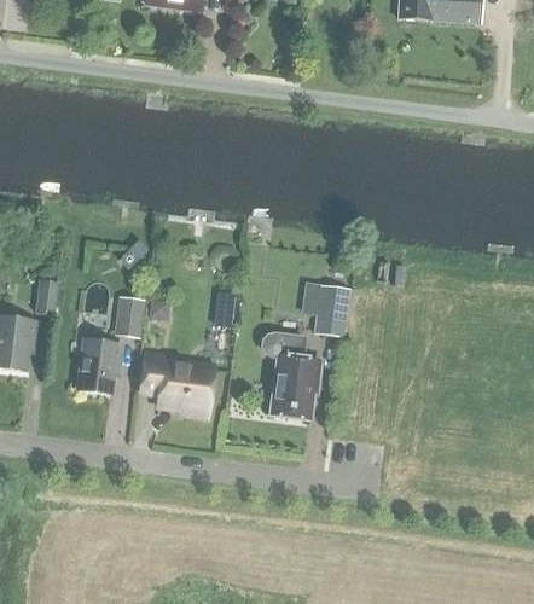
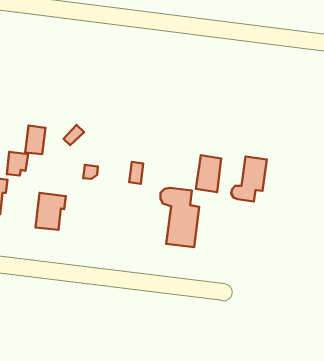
building: none -> [231,156,267,202]
building: [115,295,145,337] -> [25,125,46,154]
building: [140,352,214,416] -> none

